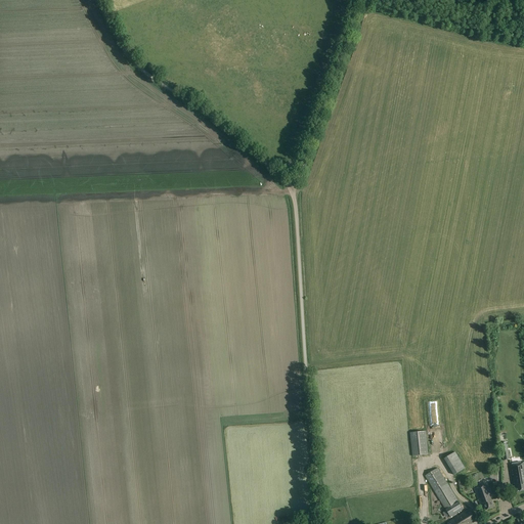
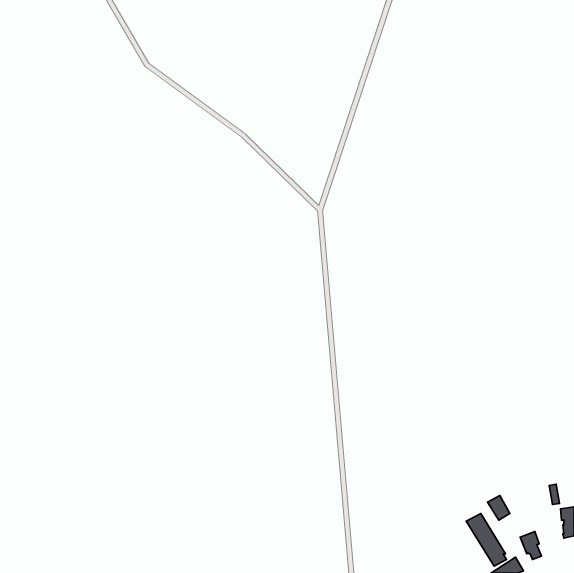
building: [409,431,428,455] -> none

